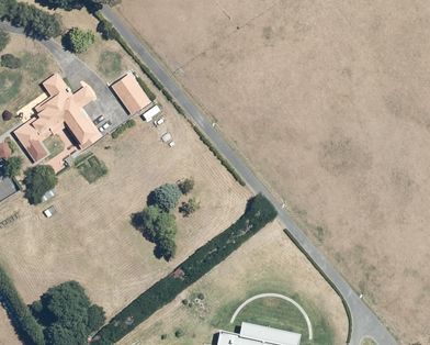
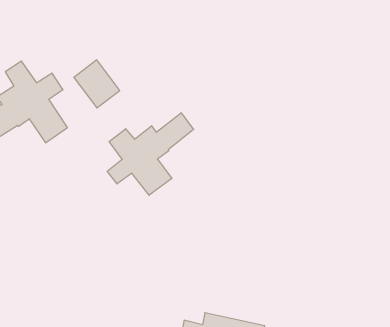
building: none -> [107,113,194,195]

